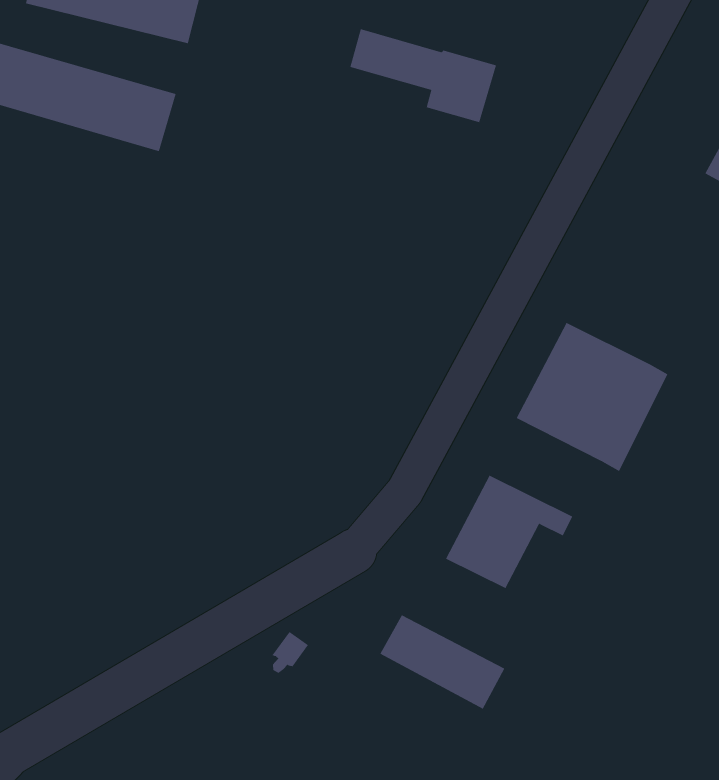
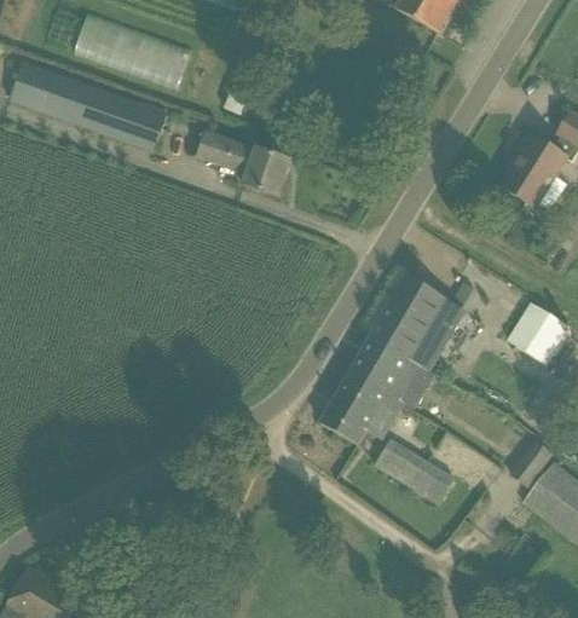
building: [349,29,497,123] -> [197,131,291,196]
building: none -> [352,335,424,400]
building: [379,615,505,710] -> [375,439,455,503]

